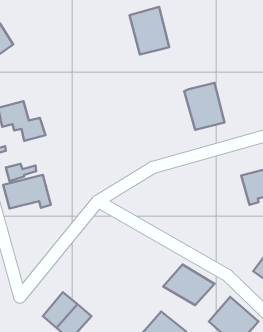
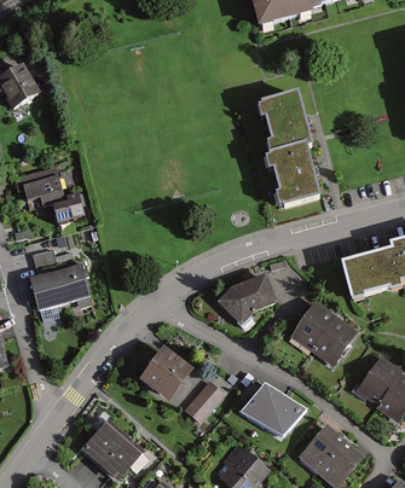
building: [130,7,169,55] -> [260,88,312,151]
building: none -> [218,274,277,326]
building: none -> [293,301,360,366]
building: none -> [138,344,193,400]
building: none -> [184,379,225,422]

